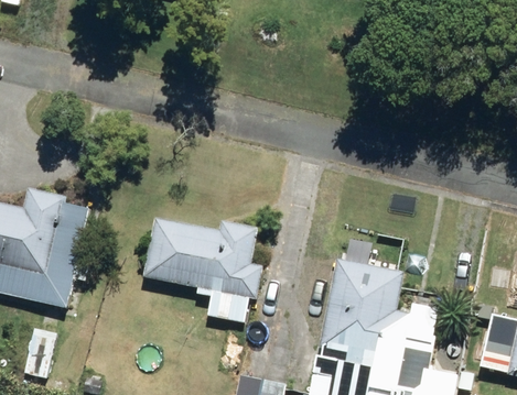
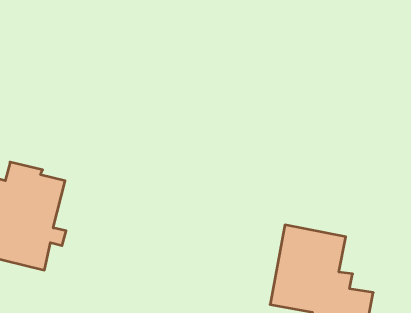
building: [140,217,261,322] -> none

